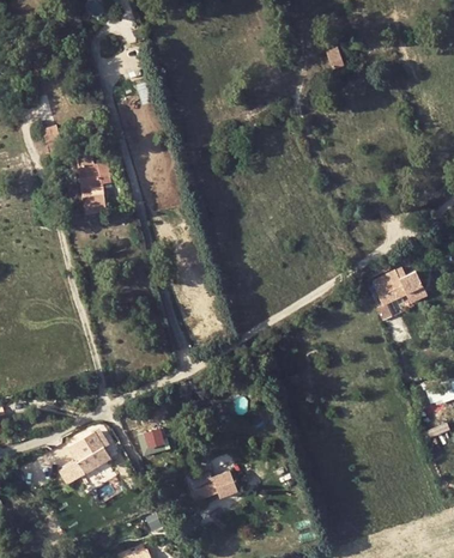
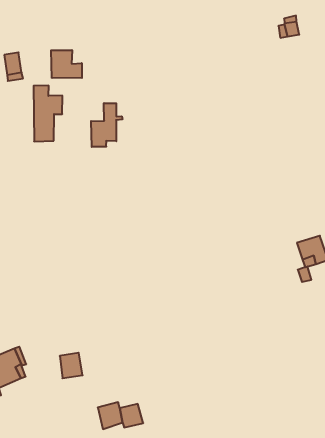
building: none -> [51,50,82,78]
building: none -> [91,103,122,147]

